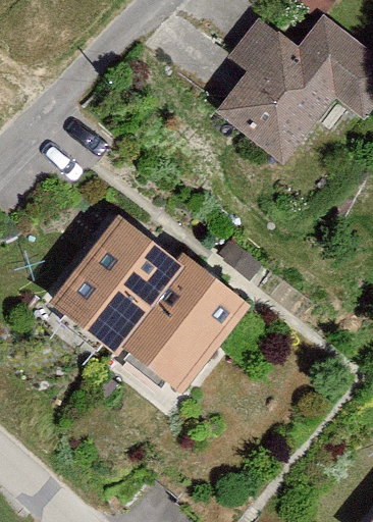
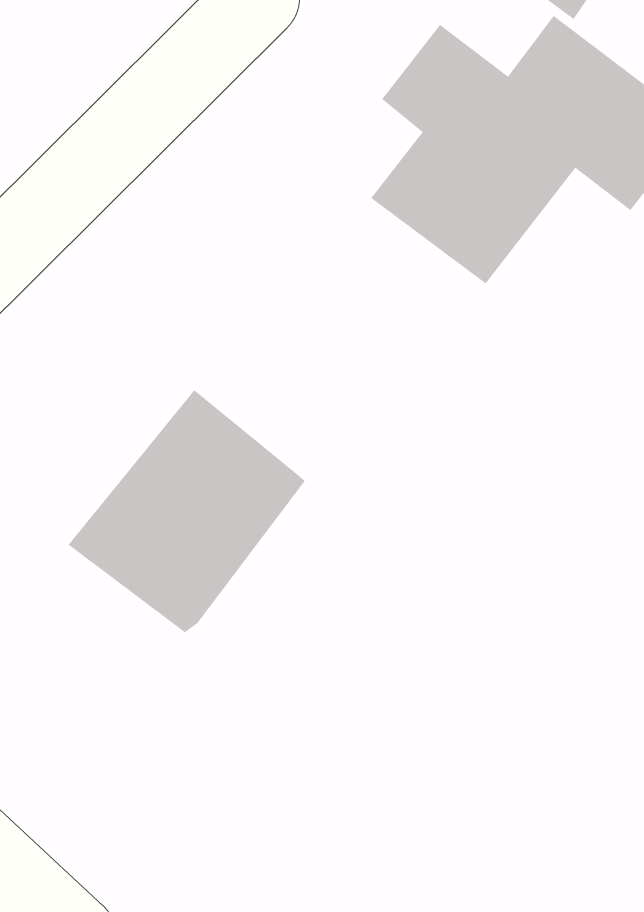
building: [121,255,248,393] -> none

